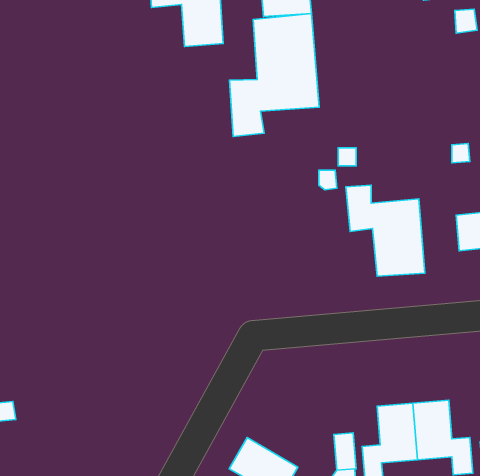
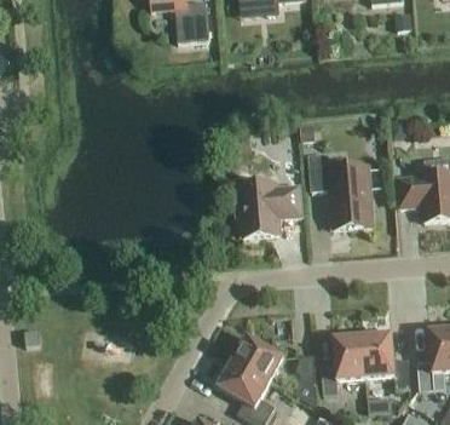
building: [230,14,319,137] -> none
building: none -> [233,182,300,236]
building: none -> [227,333,283,383]

